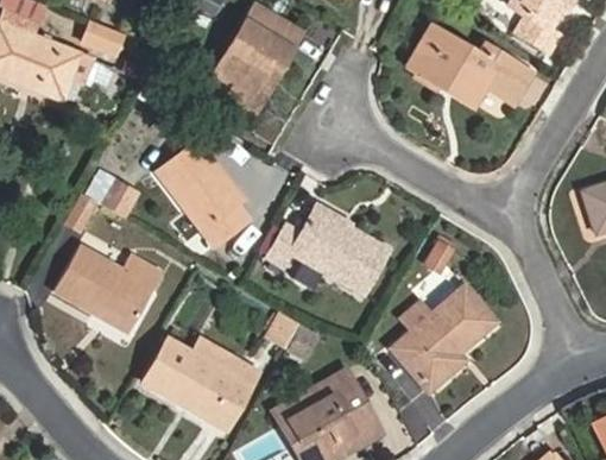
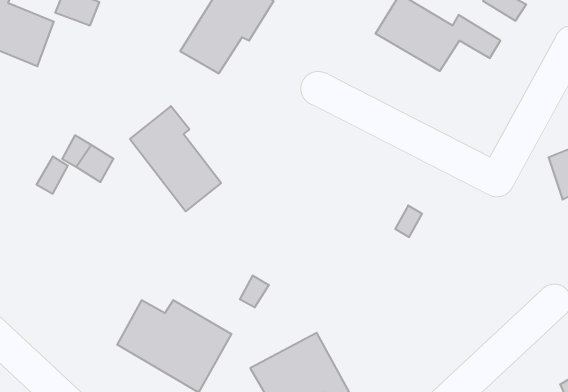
building: [259,204,390,295] -> none
building: [52,245,163,333] -> none
building: [392,286,494,390] -> none

